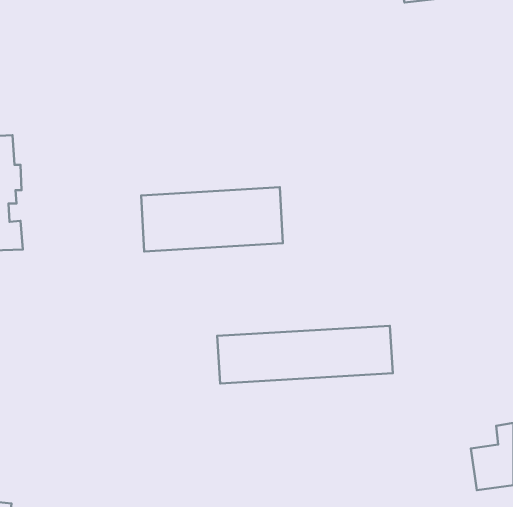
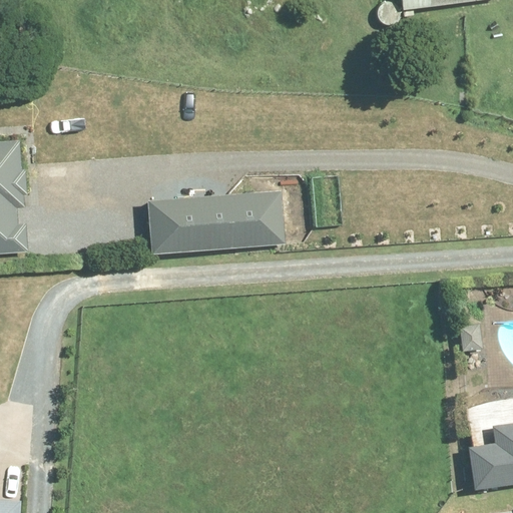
building: [217,326,393,383] -> none

